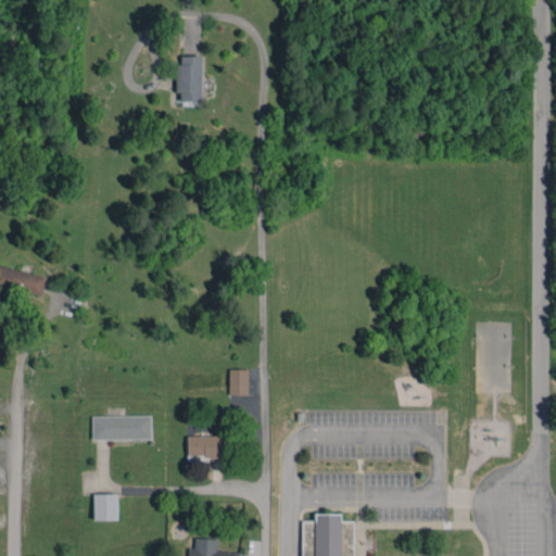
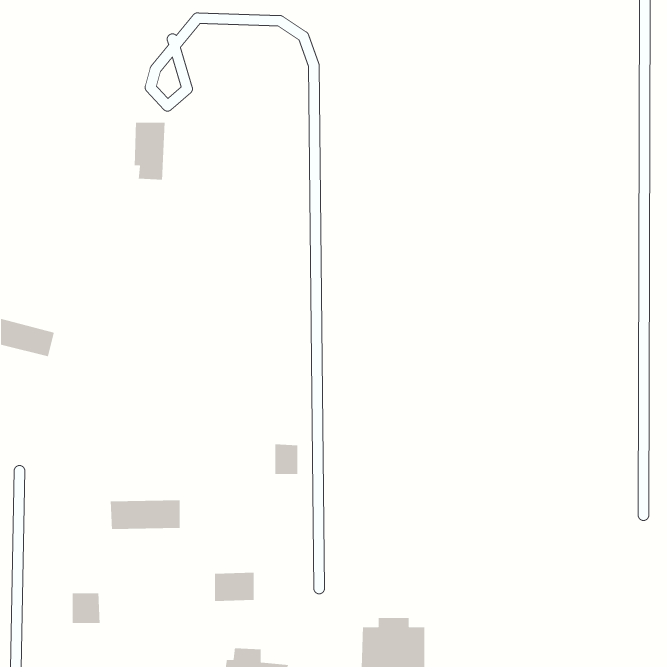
building: [177,56,203,105] -> [134,122,165,181]
building: [188,435,222,460] -> [214,572,255,602]
building: [94,494,118,520] -> [72,592,101,624]

